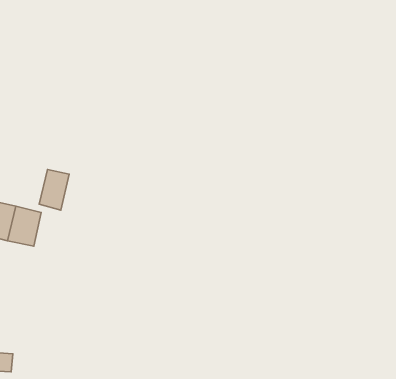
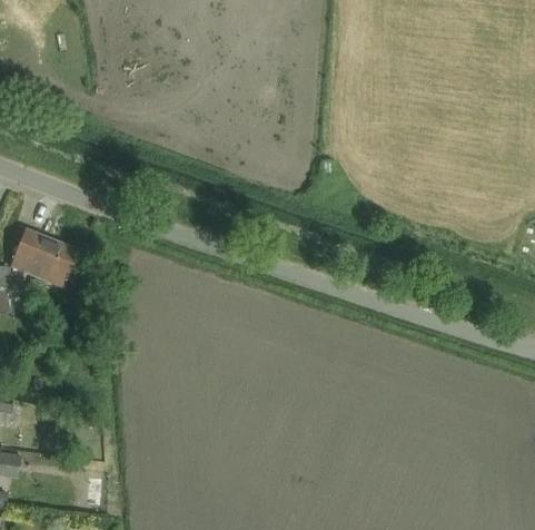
building: [39,169,69,210] -> none

